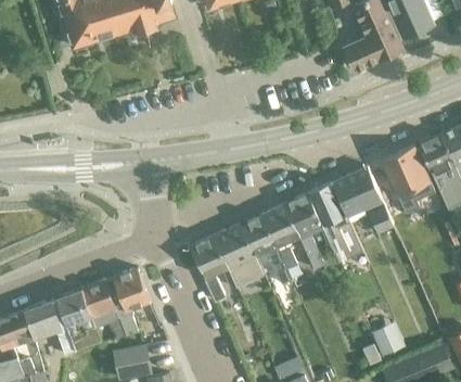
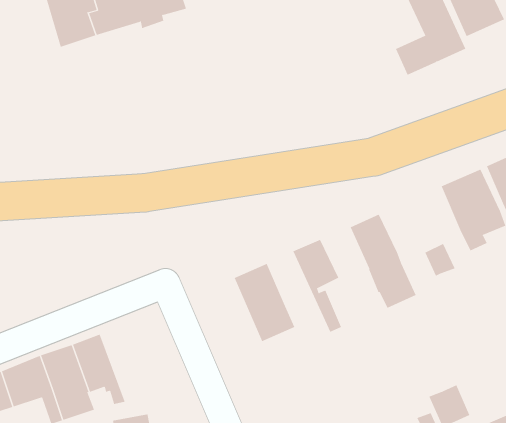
building: [331,167,380,224] -> none
building: [283,194,322,268] -> none
building: [240,214,291,284] -> none
building: [189,235,234,302] -> none
building: [104,269,148,336] -> none

